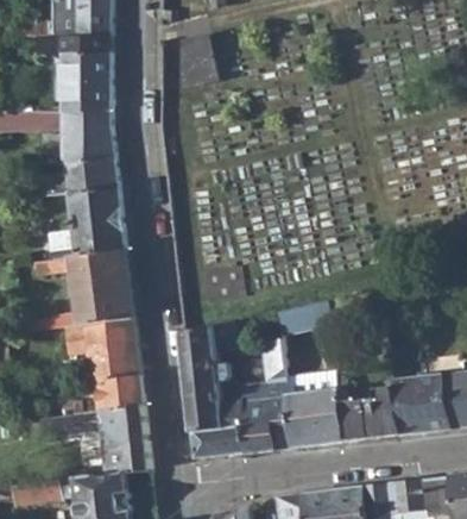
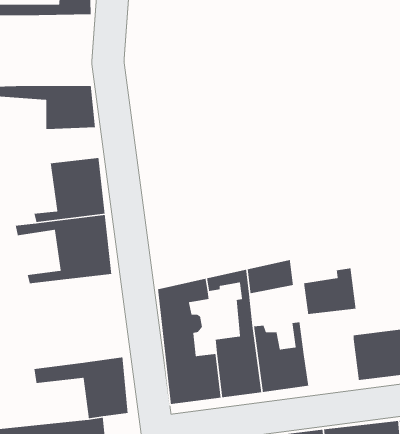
building: [33,36,109,112] -> none
building: [178,42,214,92] -> none
building: [27,158,118,200] -> none
building: [82,318,144,413] -> none
building: [341,388,399,439] -> [303,268,357,315]

